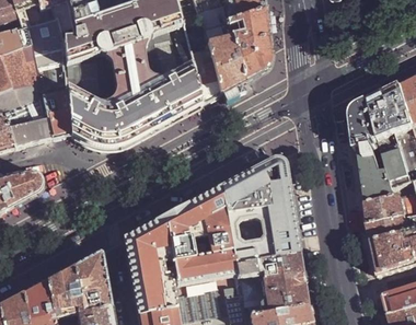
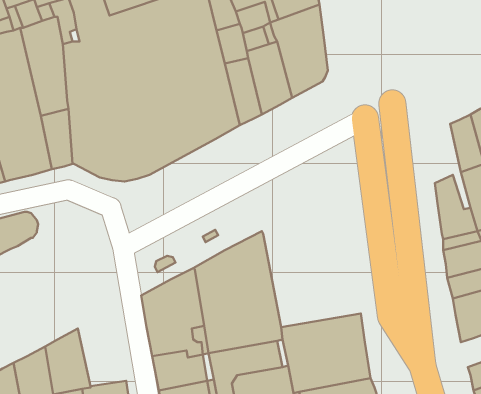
building: [354,102,379,149] -> none
building: [220,159,299,264] -> none
building: [73,254,112,311] -> none

